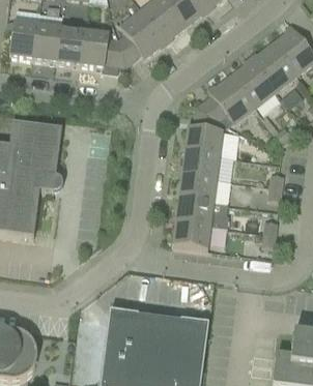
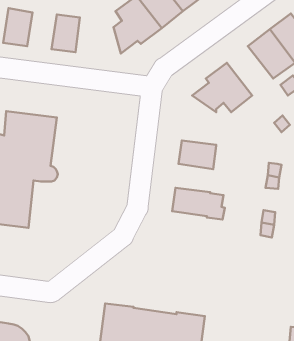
building: [33,24,62,60] -> none
building: [81,29,125,66] -> none
building: [230,57,276,106] -> none
building: [186,106,238,157] -> none
building: [179,173,217,201] -> none
building: [173,219,210,248] -> none

